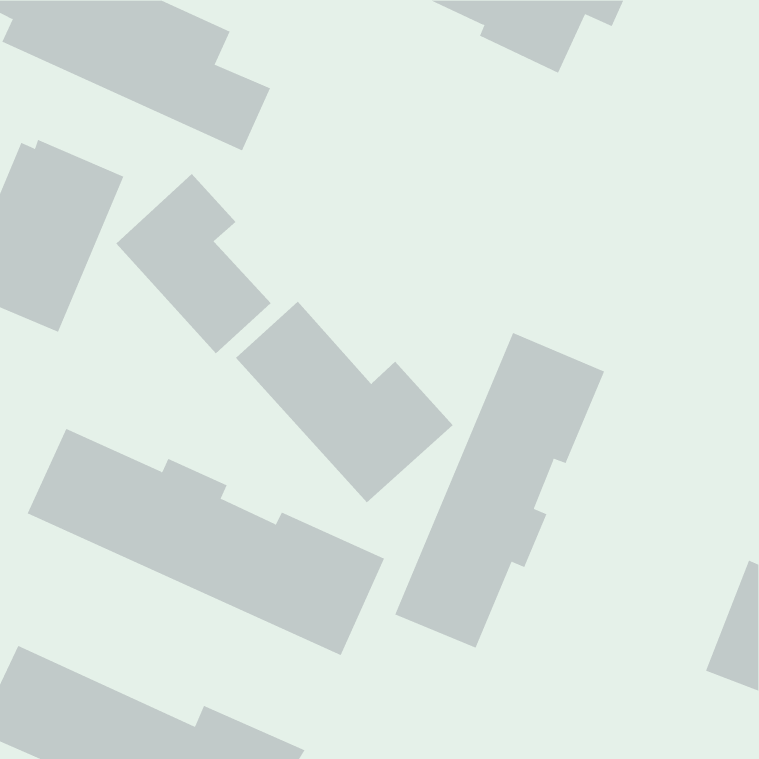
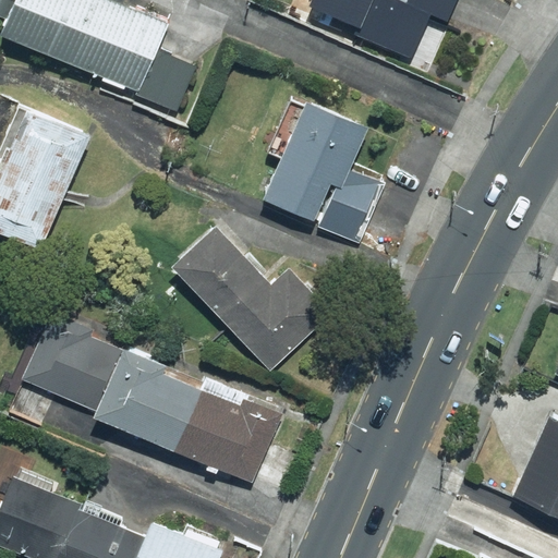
building: none -> [262,94,384,243]
building: [115,173,272,354] -> none
building: [395,332,605,649] -> none

